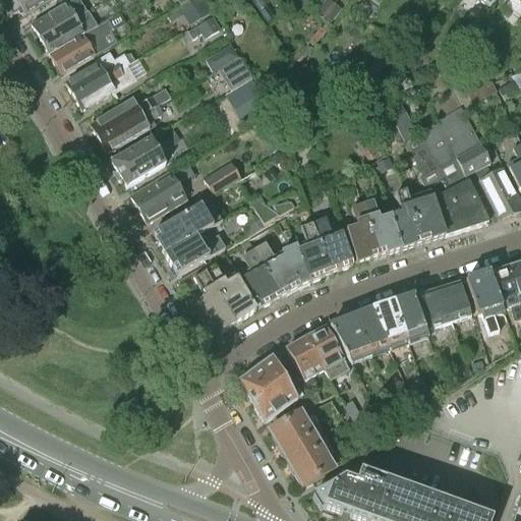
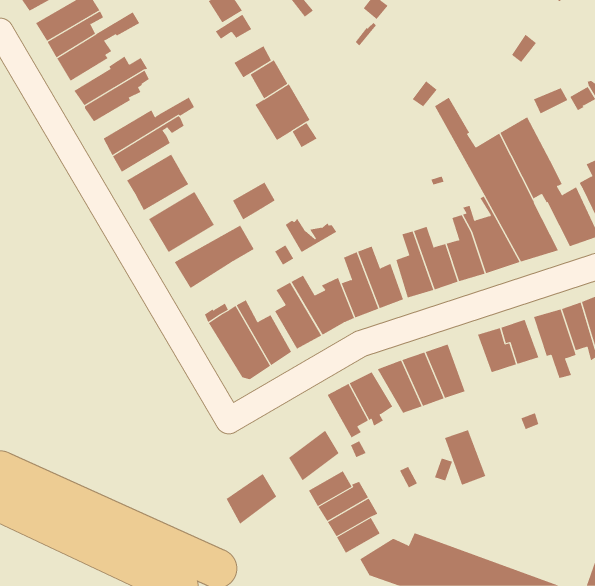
building: [167,229,226,272] -> none
building: [392,293,428,342] -> [444,430,486,485]
building: [240,355,285,400] -> [226,473,277,525]

